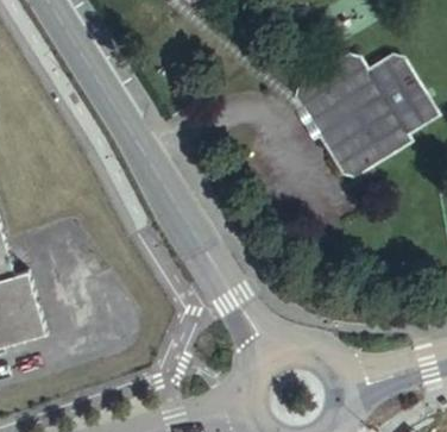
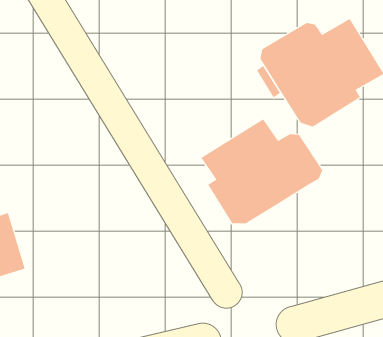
building: none -> [201,118,323,224]

